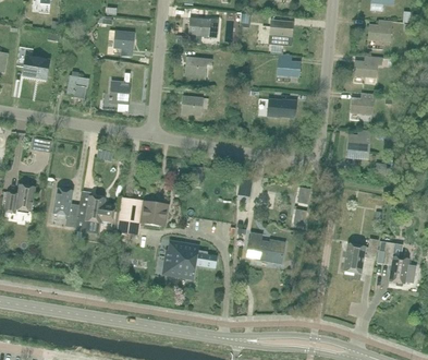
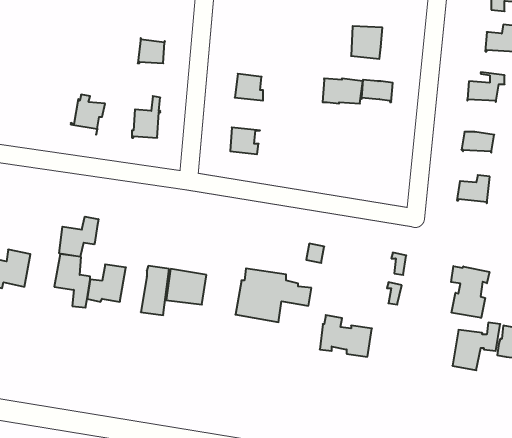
building: [188,16,217,37] -> none
building: [22,55,49,79] -> none
building: [267,98,296,117] -> [323,78,363,104]
building: none -> [59,217,98,257]
building: none -> [451,266,489,318]
building: [161,240,217,279] -> [235,268,311,322]

